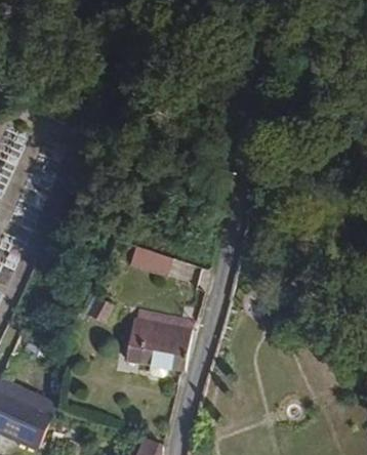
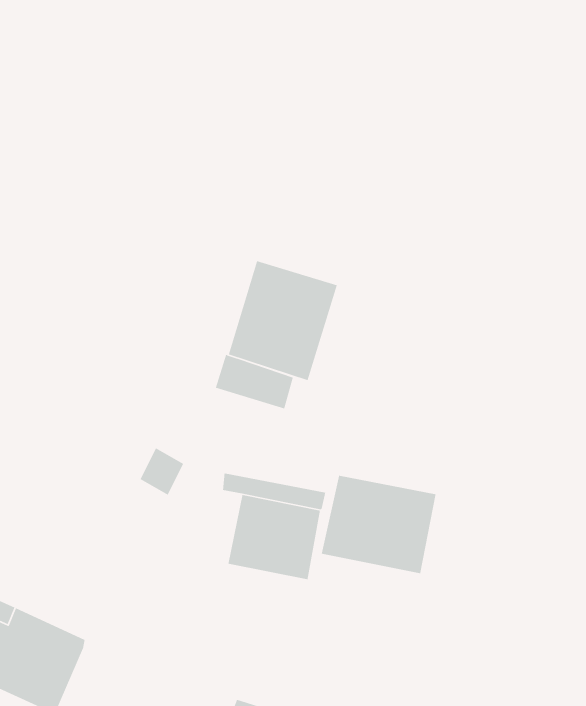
building: none -> [228,260,338,381]
building: none -> [321,475,436,574]

